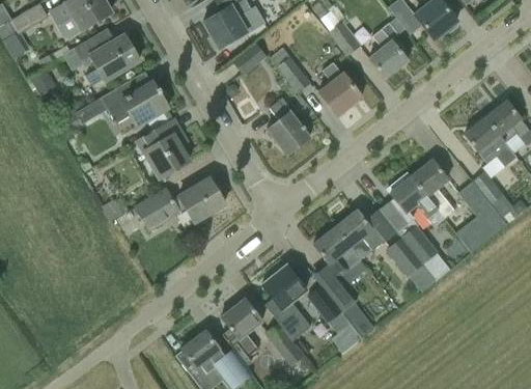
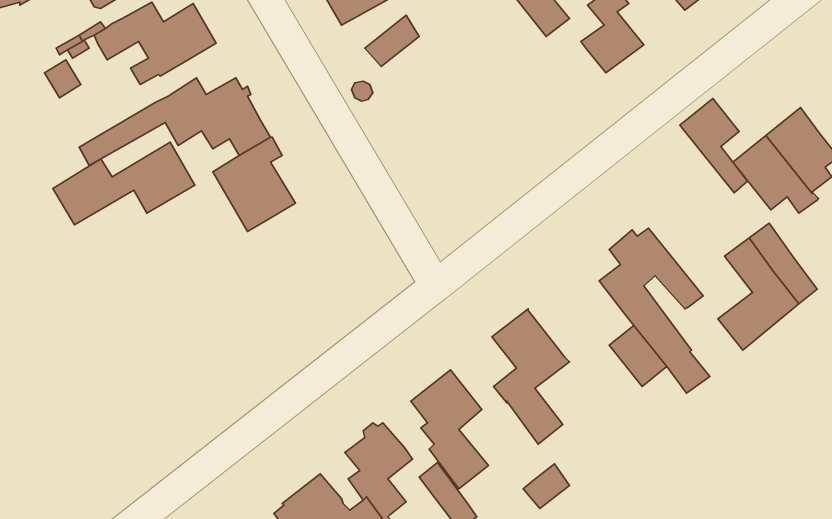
building: [271,47,312,93] -> none
building: [319,61,362,115] -> none
building: [268,98,310,155] -> none
building: [412,159,454,218] -> [680,99,747,193]
building: [136,177,225,229] -> [53,142,195,225]
building: [336,209,398,259] -> none
building: [309,284,342,322] -> none

